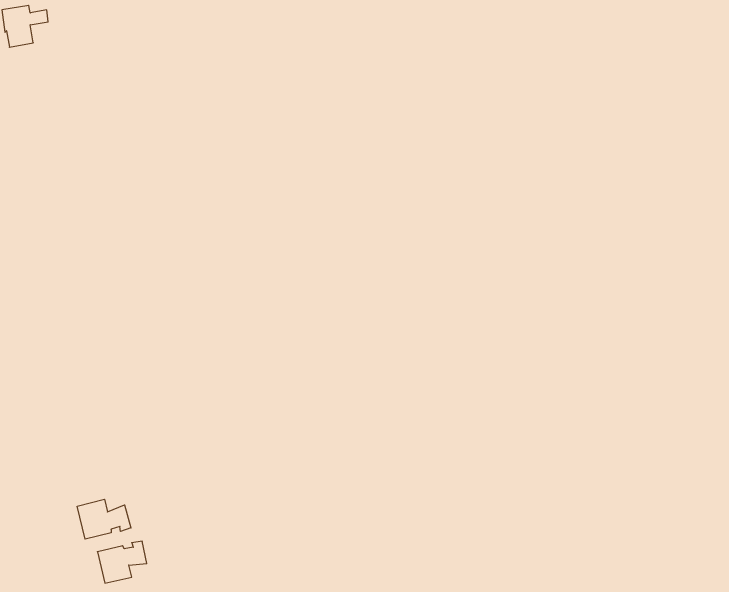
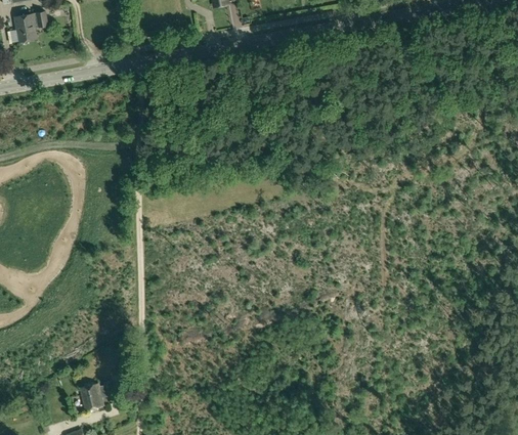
building: [77,499,131,539] -> none

